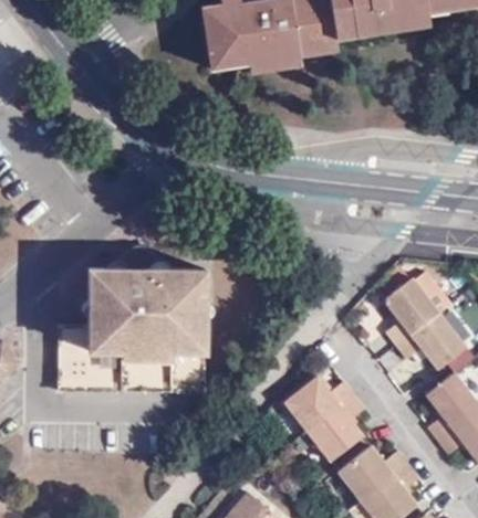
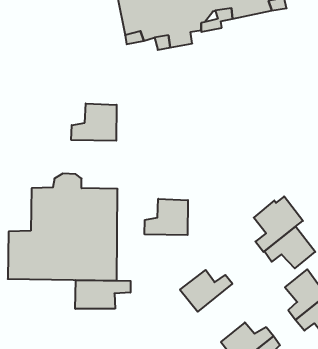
building: none -> [71,103,117,141]
building: none -> [145,199,188,235]
building: none -> [75,280,131,309]
building: [312,398,370,466] -> none

